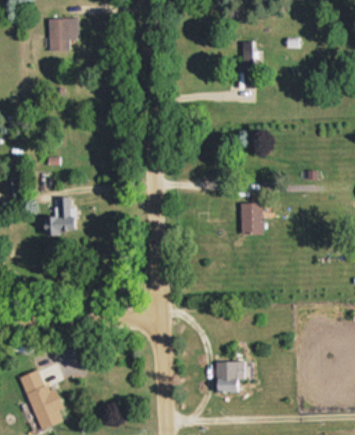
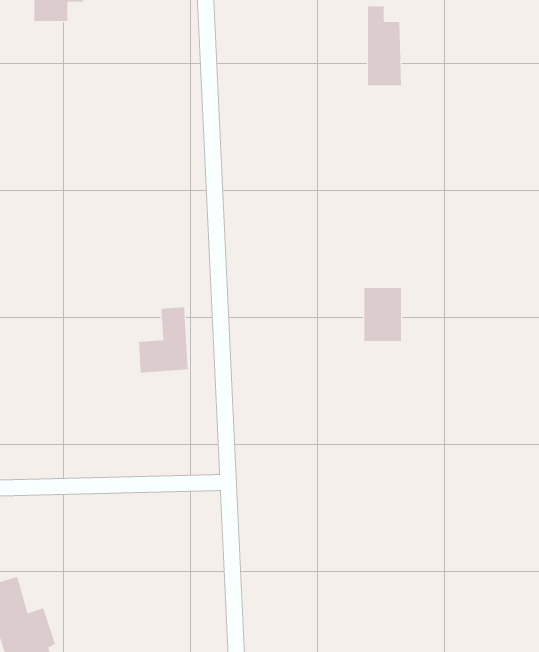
building: [44,197,73,235] -> [138,307,188,373]
building: [215,361,245,392] -> none

